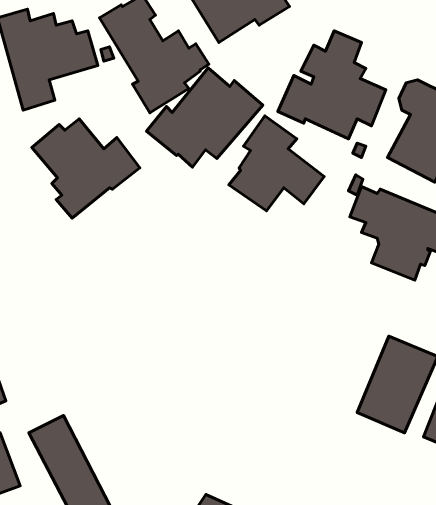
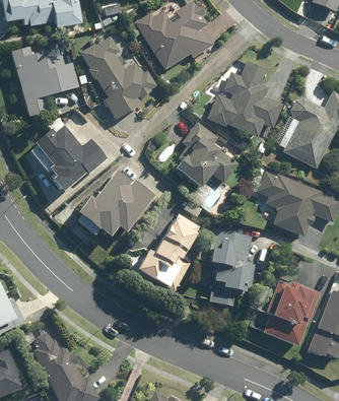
building: [146,68,263,167] -> [74,169,156,239]
building: none -> [139,213,208,293]
building: none -> [204,229,252,306]

